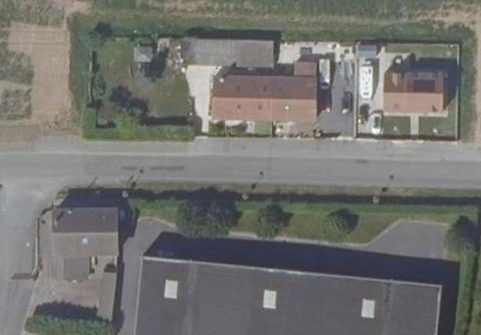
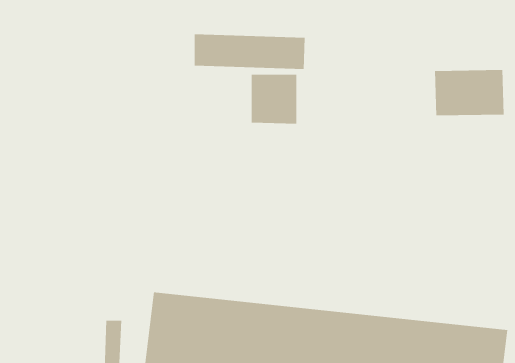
building: [264,60,308,116] -> none
building: [59,214,119,283] -> none

